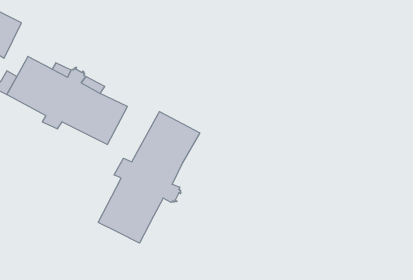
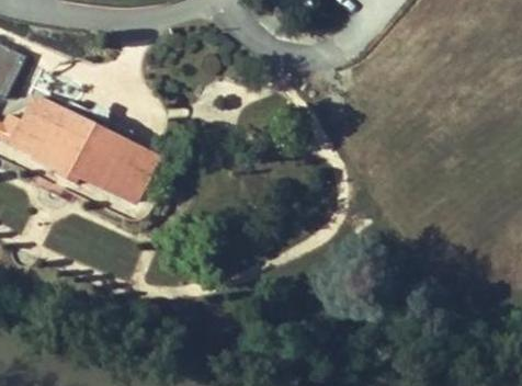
building: [98,112,200,243] -> none

